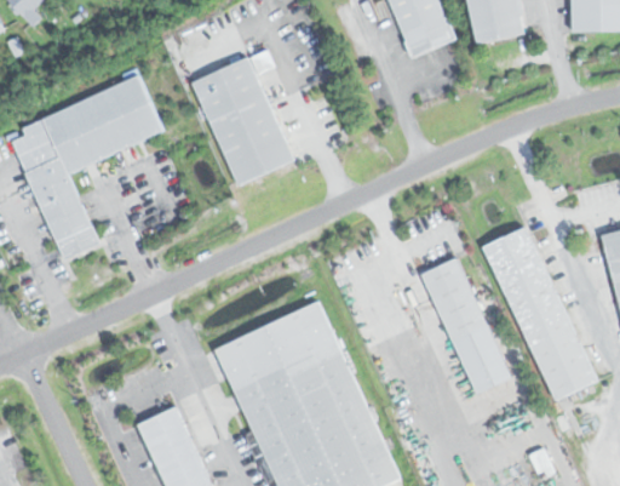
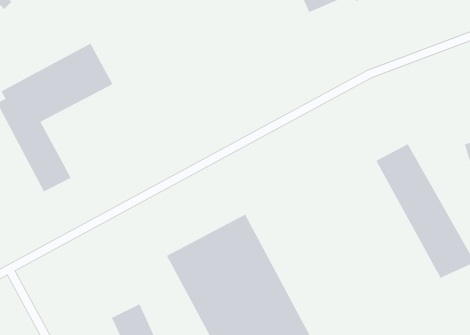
building: [191,51,294,185] -> none
building: [419,258,513,395] -> none

